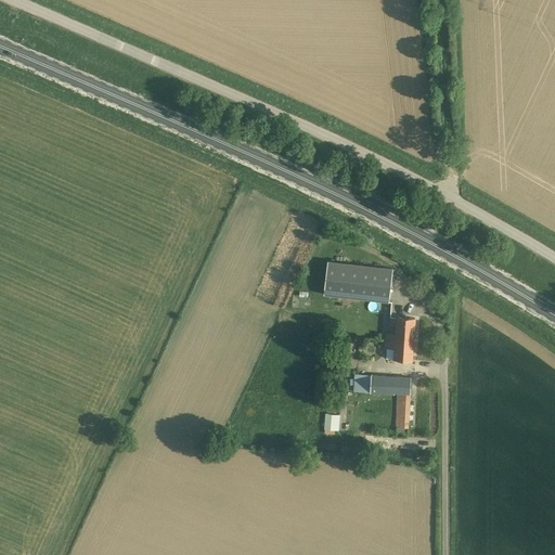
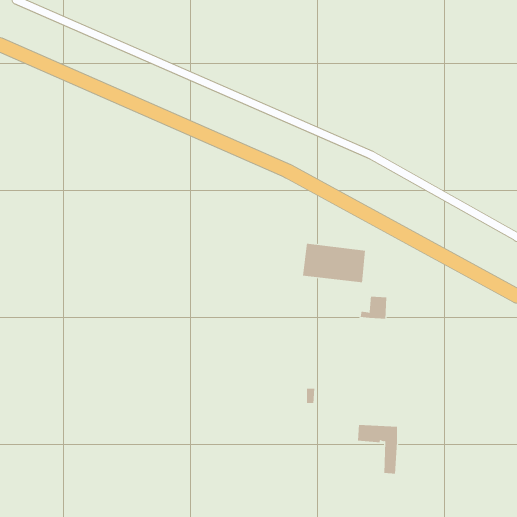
building: [384,340,413,361] -> none
building: [366,376,410,429] -> [357,425,398,474]

